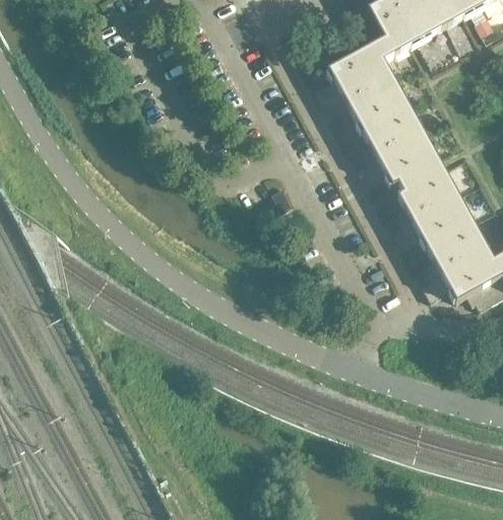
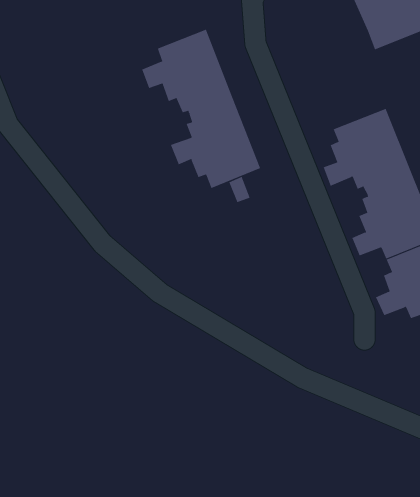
building: [315,35,412,130] -> none
building: none -> [142,29,261,189]

